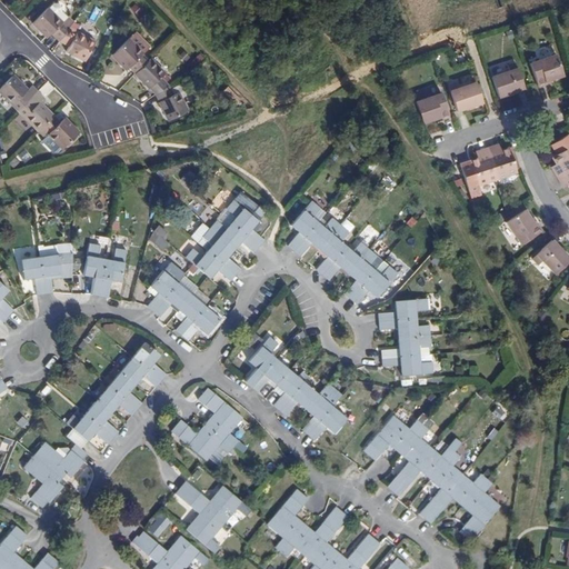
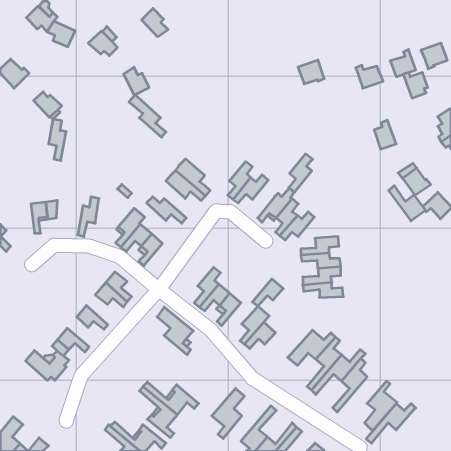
building: [136,58,169,93] -> [142,8,168,37]
building: [18,92,54,131] -> none
building: [417,93,450,123] -> [298,60,324,84]
building: [488,149,519,181] -> [403,73,428,98]
building: [193,221,240,274] -> [129,95,166,137]
building: [317,227,347,274] -> [289,154,313,192]
building: none -> [389,186,425,221]
building: [82,243,104,296] -> [49,119,66,161]
building: [20,257,43,295] -> none
building: [181,307,219,340] -> none
building: [109,371,141,409] -> none
building: [279,381,318,416] -> [252,279,283,306]
building: [84,399,118,437] -> none
building: [172,419,236,460] -> none
building: [22,455,62,508] -> none
building: [425,475,487,525] -> [366,404,416,443]
building: [281,507,341,557] -> none

